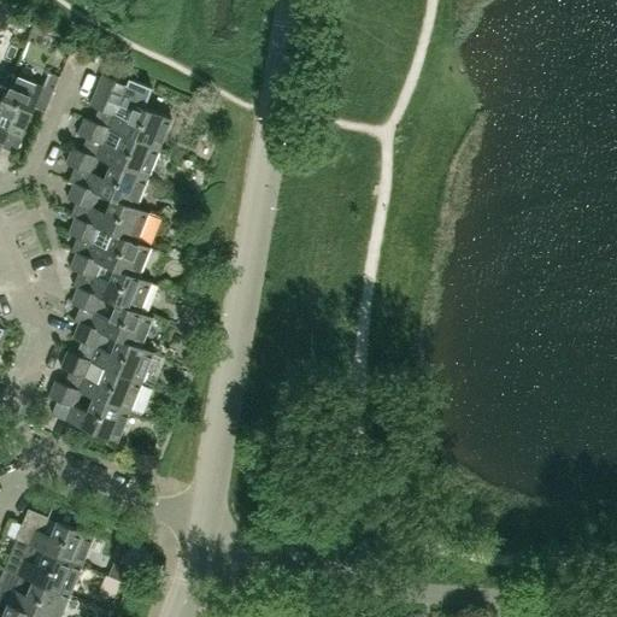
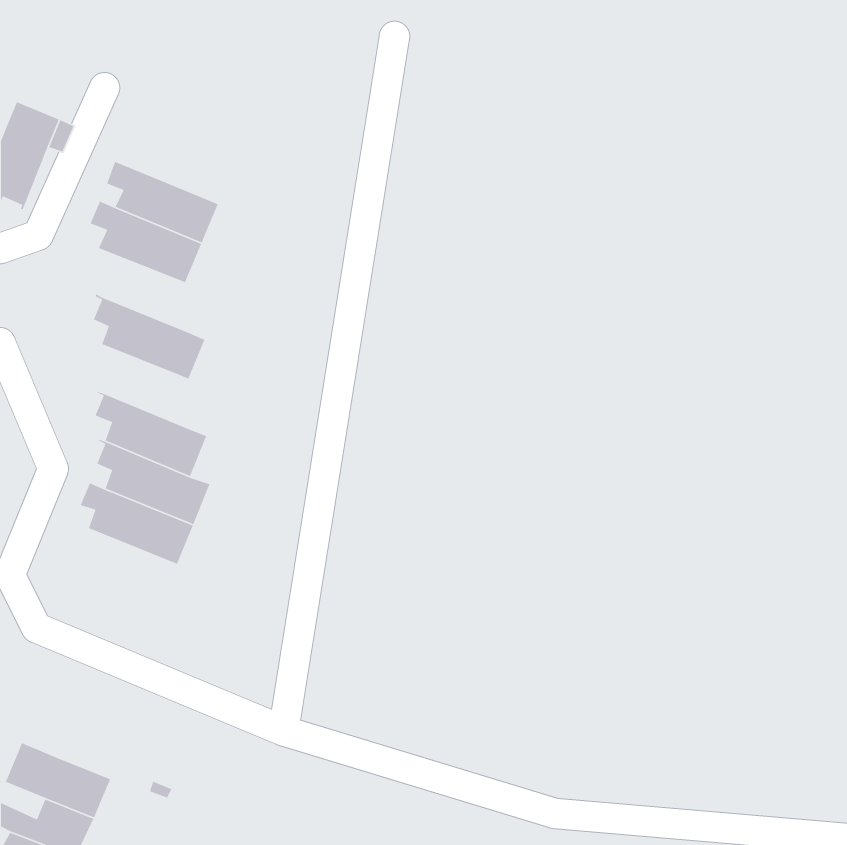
building: [89,76,171,149] -> none
building: [66,181,148,242] -> none
building: [67,249,151,313] -> none
building: [46,381,129,443] -> none
building: [16,503,94,568] -> none

